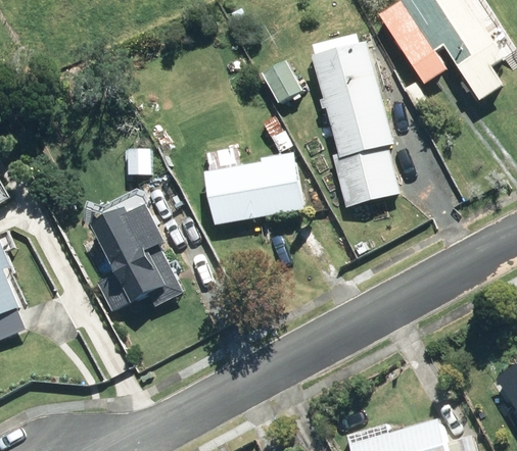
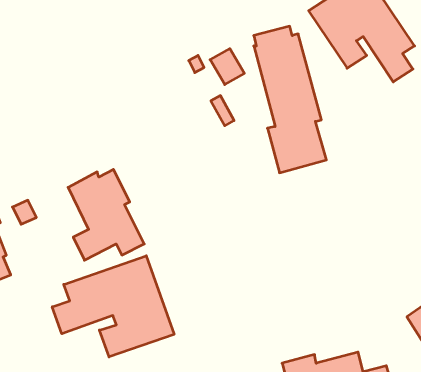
building: [203,148,303,226] -> none
building: none -> [52,256,174,357]

